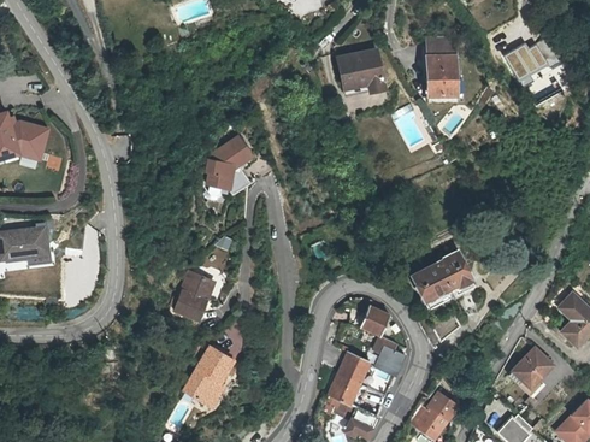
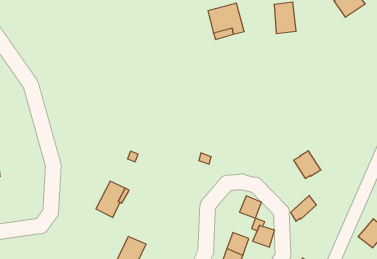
building: [203,134,252,191] -> none
building: [412,263,449,300] -> none

